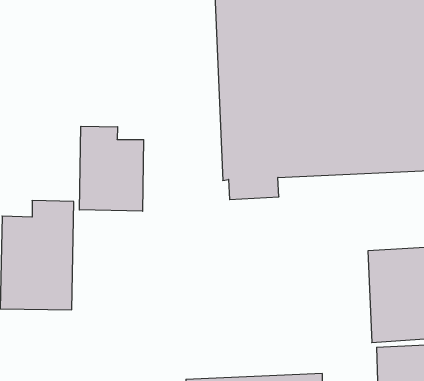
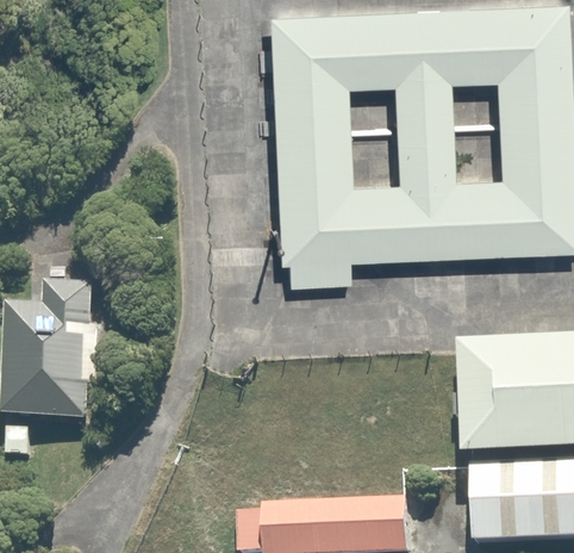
building: [79,126,144,211] -> none

